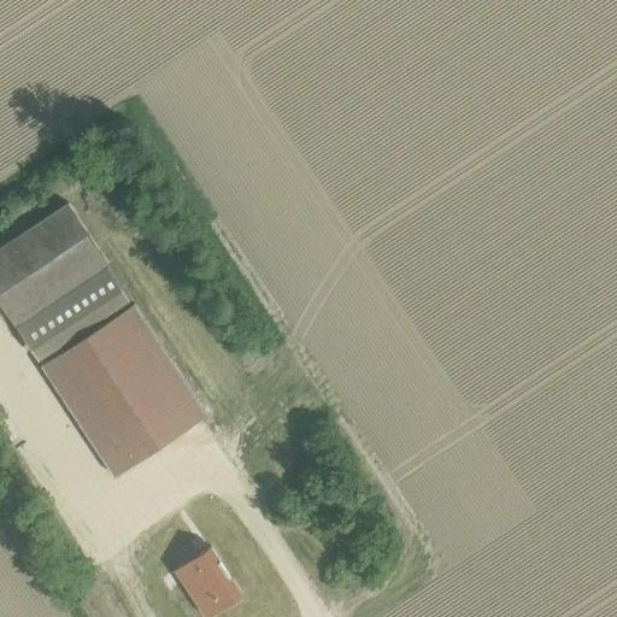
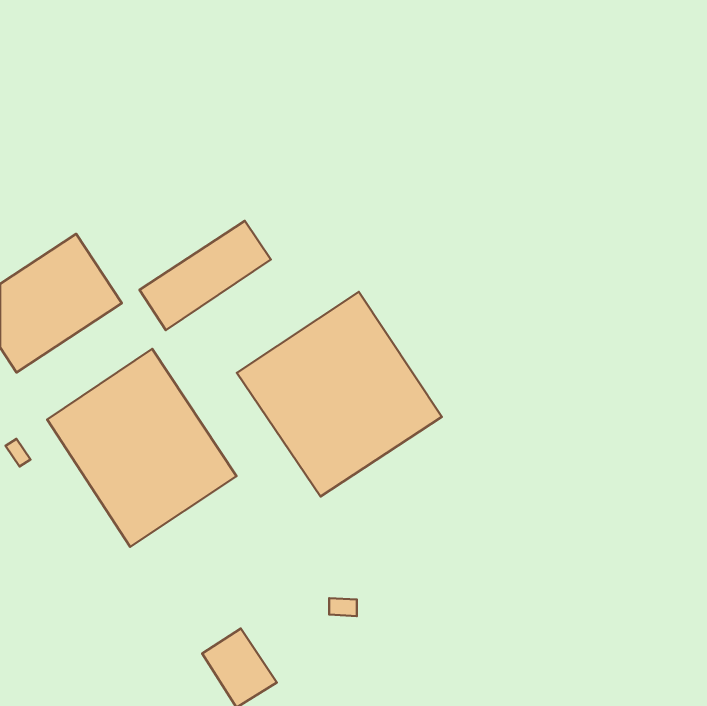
building: none -> [237,292,442,496]
building: [14,265,129,360] -> [140,221,271,330]

